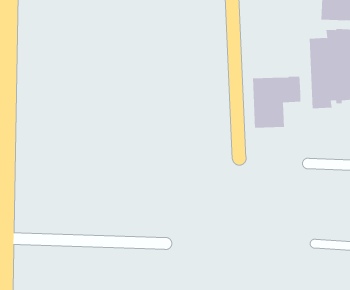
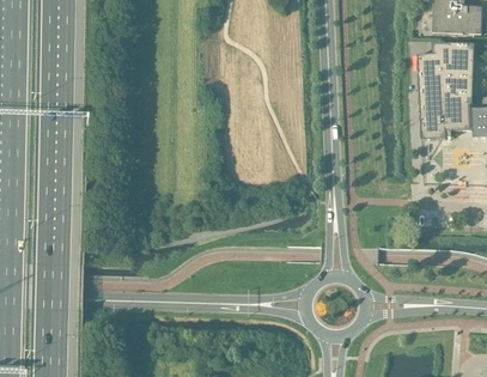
building: [252,76,301,128] -> none

